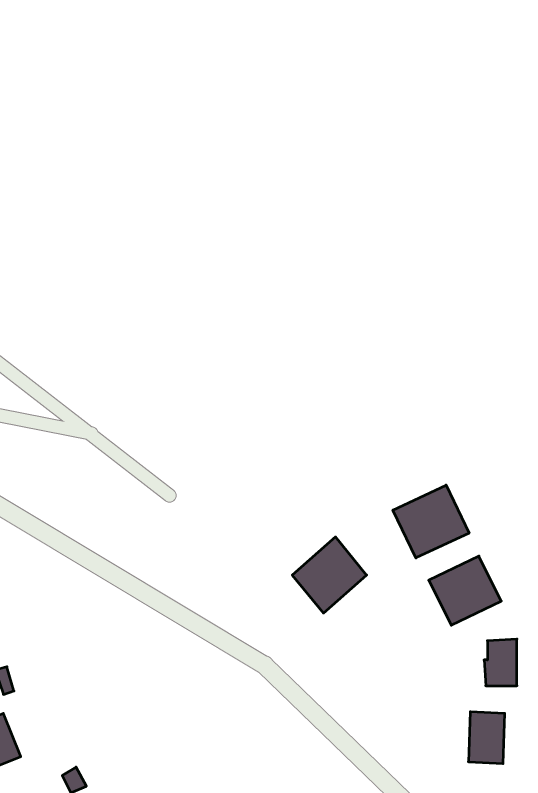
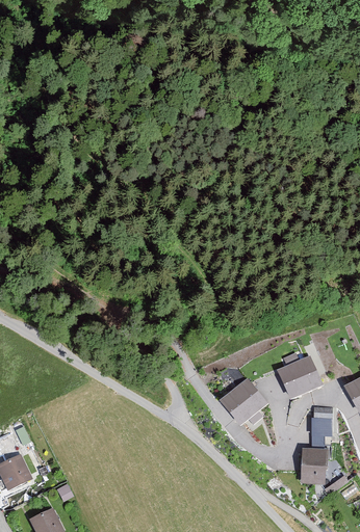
building: [393,485,469,558] -> none
building: [292,537,367,613] -> [221,379,265,425]

